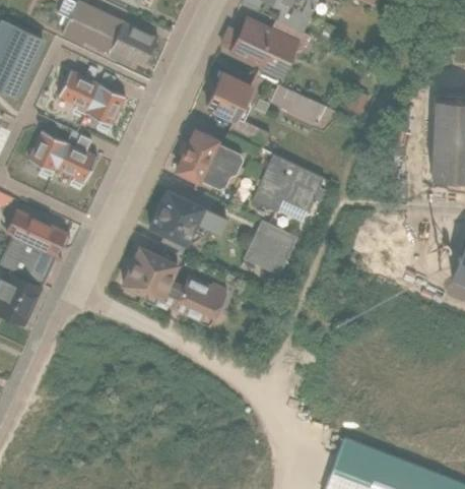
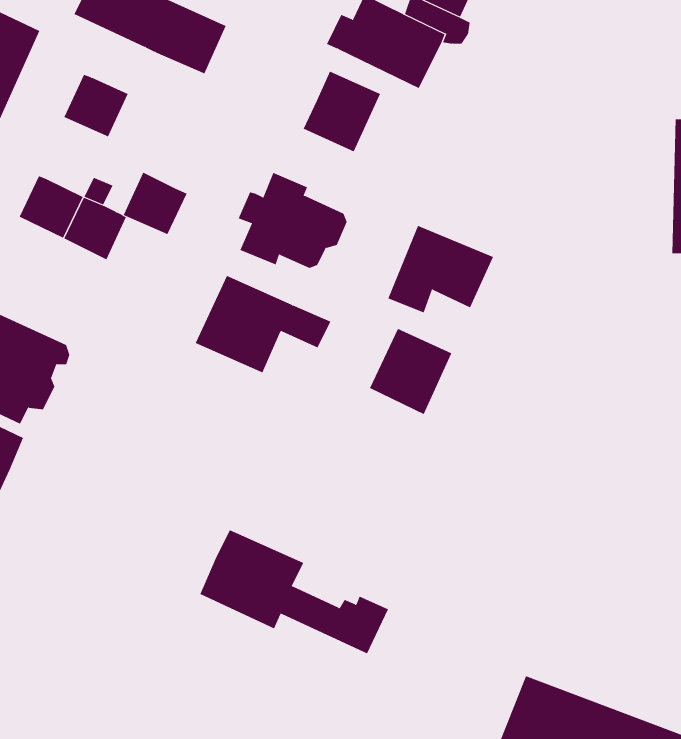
building: [88,81,128,120] -> [123,172,188,235]
building: [271,82,329,123] -> none
building: [116,243,231,319] -> [200,529,389,654]

